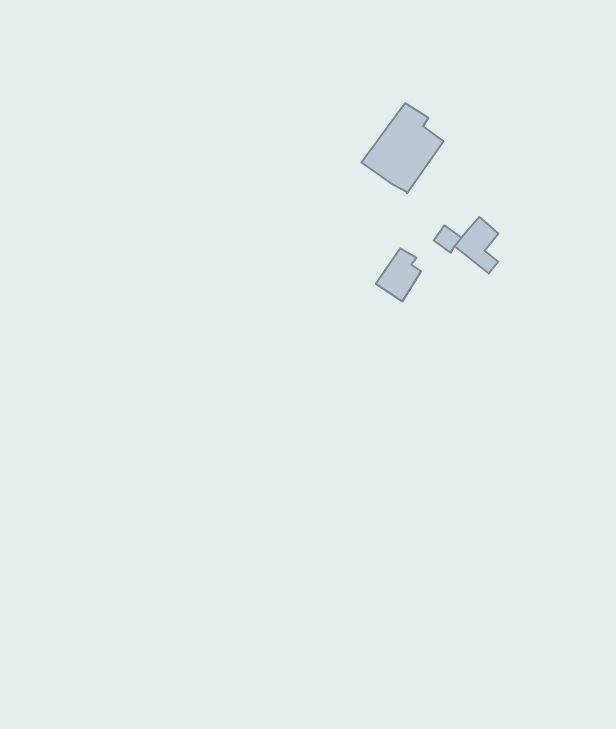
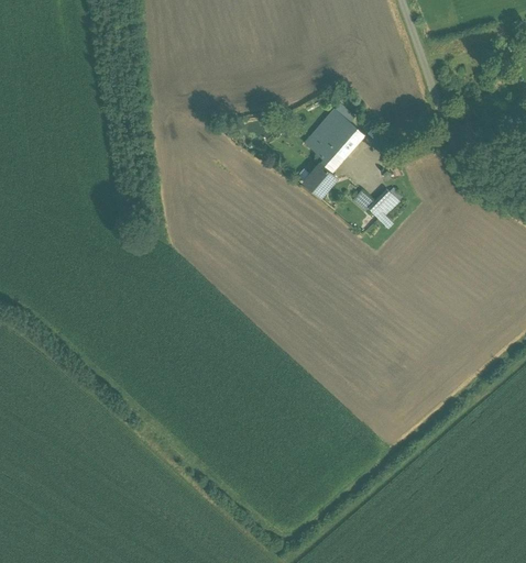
building: [376,249,421,301] -> [305,158,338,196]

